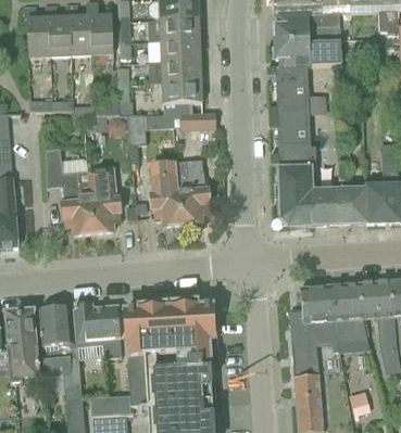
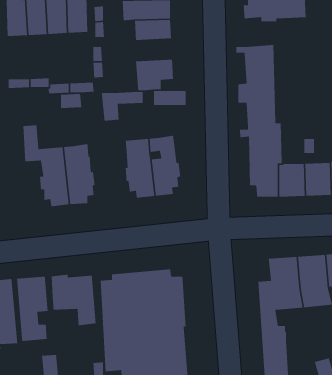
building: [275,38,340,67] -> none
building: [162,60,201,82] -> none

